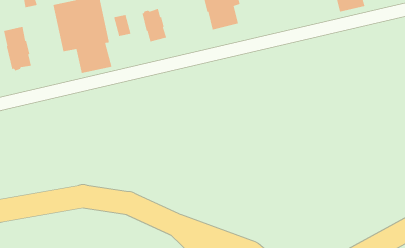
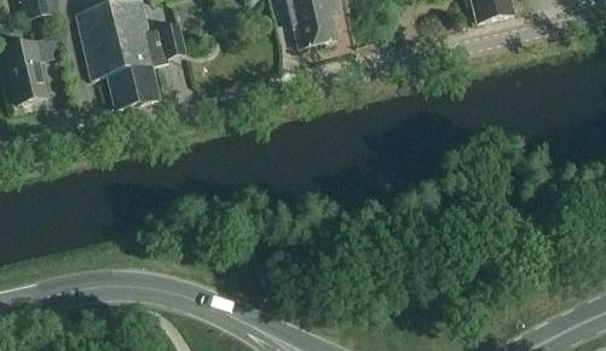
building: [141,8,167,42] -> none

